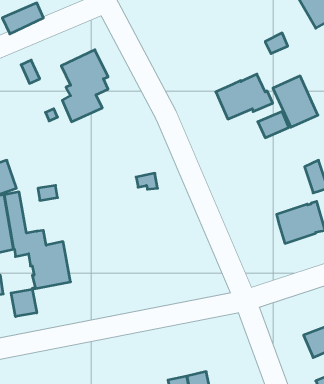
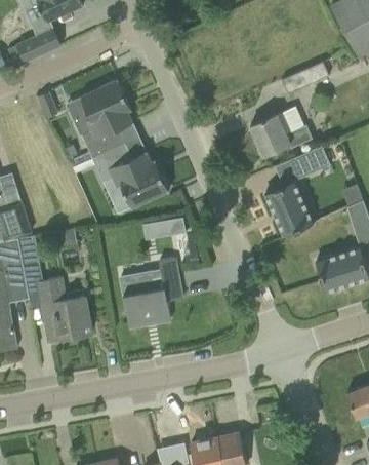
building: [273,76,318,127] -> [264,182,314,238]
building: none -> [91,144,168,207]
building: none -> [119,259,180,327]
building: [11,289,37,317] -> none

